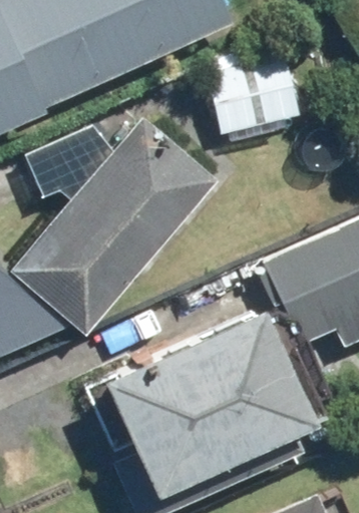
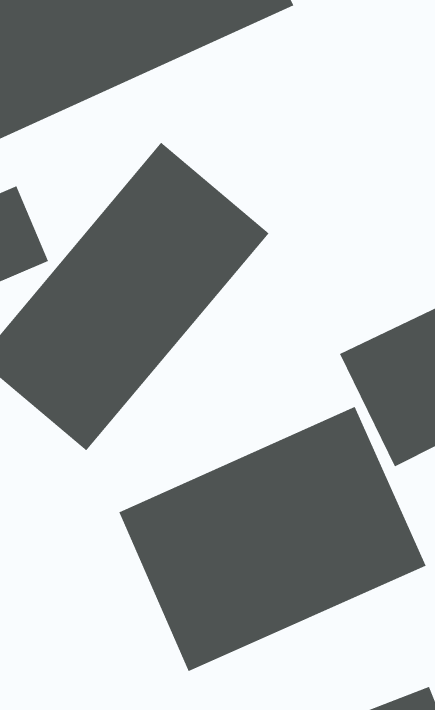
building: [204,59,304,137] -> none

